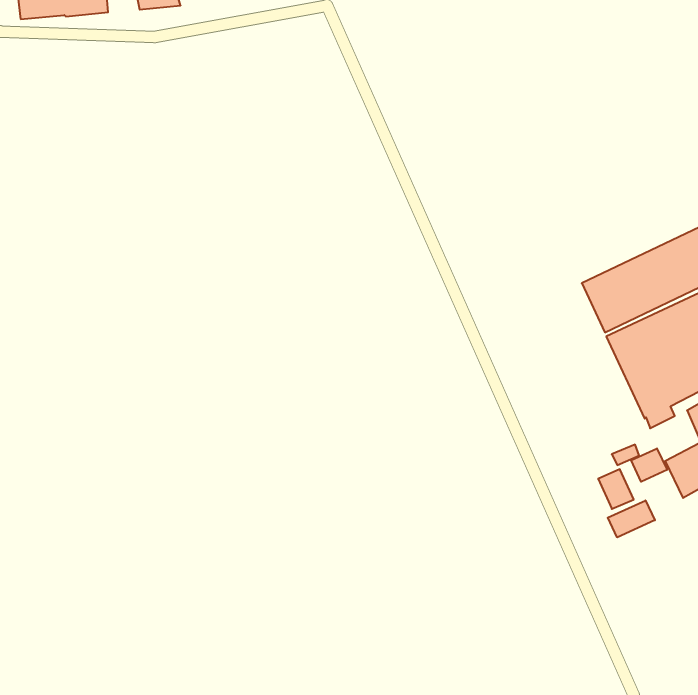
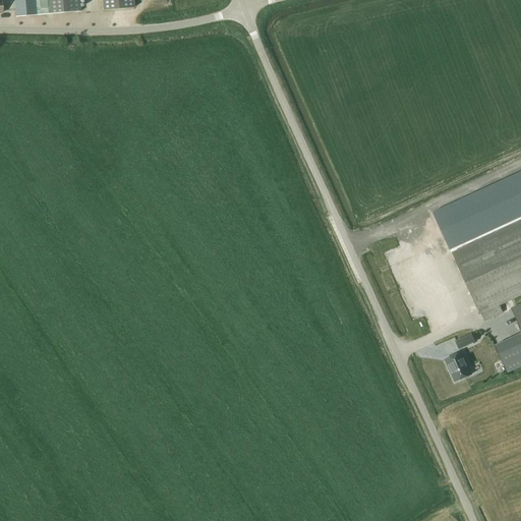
building: [631,448,667,482] -> none
building: [608,500,655,537] -> none

